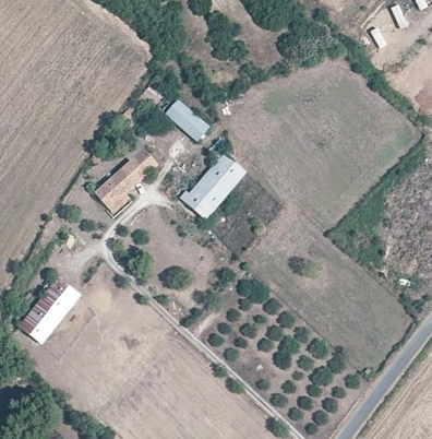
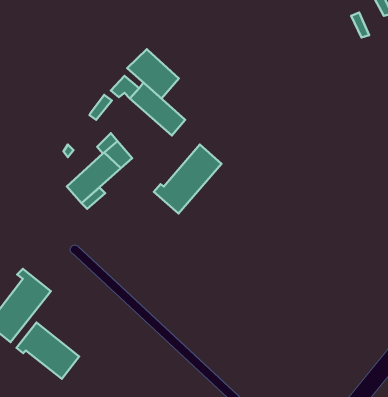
building: none -> [127,49,179,99]
building: none -> [16,323,79,379]

